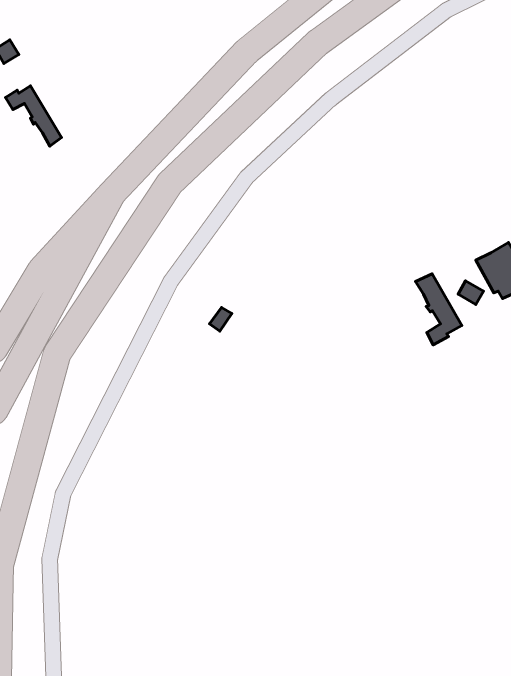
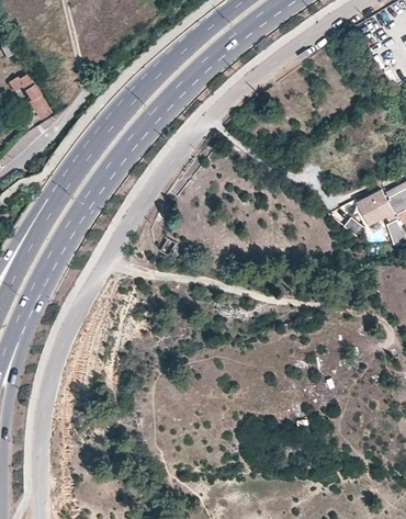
building: [415,274,462,345] -> none

